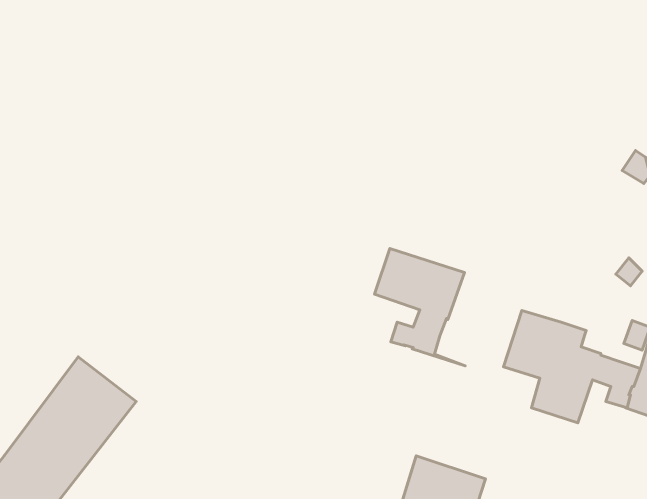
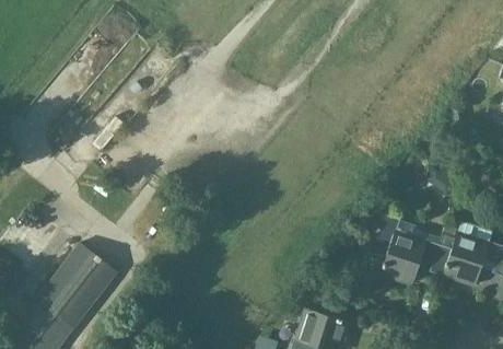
building: [375,248,465,366] -> none

